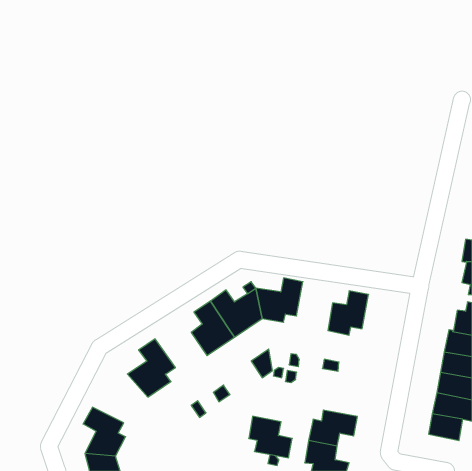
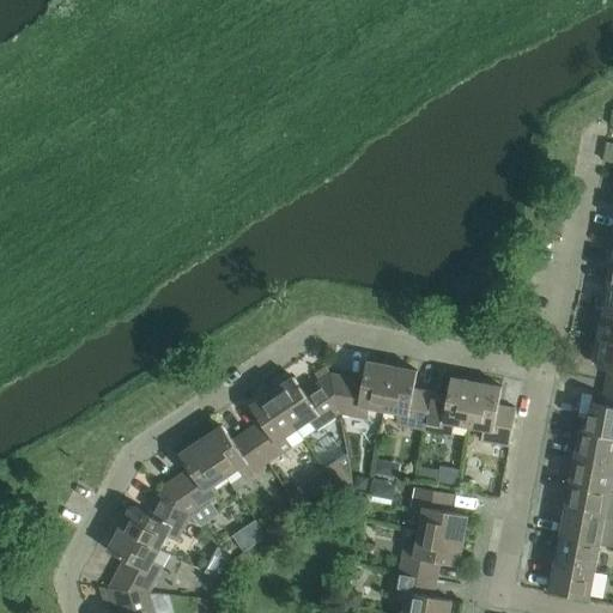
building: none -> [384,365,431,429]
building: none -> [469,382,517,445]
building: none -> [201,425,268,478]
building: none -> [120,485,192,548]
building: [249,416,292,458] -> [412,486,468,540]
building: none -> [551,563,595,599]

